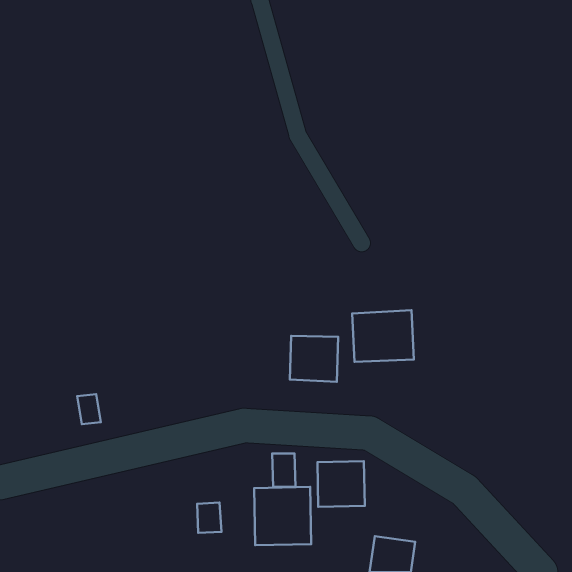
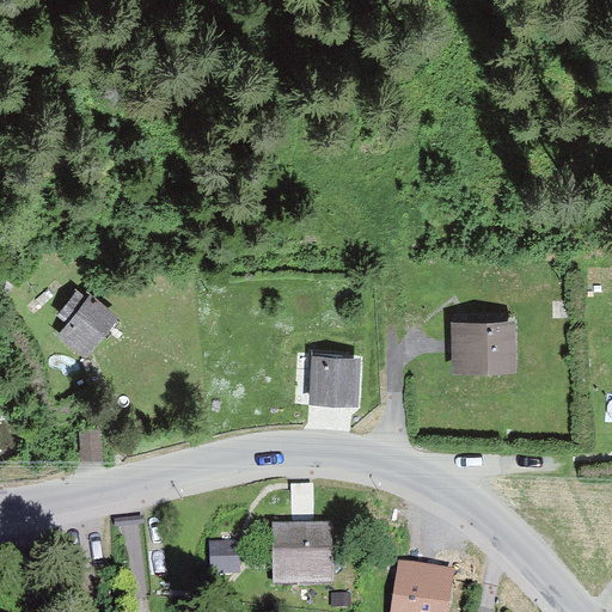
building: none -> [51,292,109,359]
building: [352,310,414,362] -> [451,320,516,375]
building: [317,461,365,507] -> none

